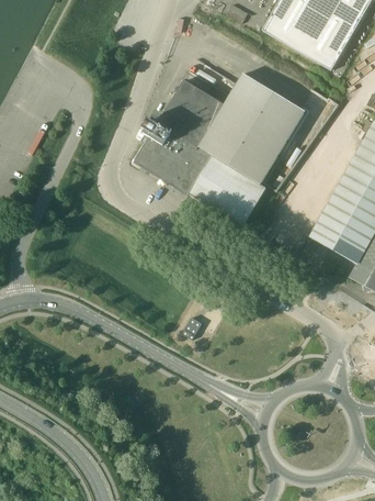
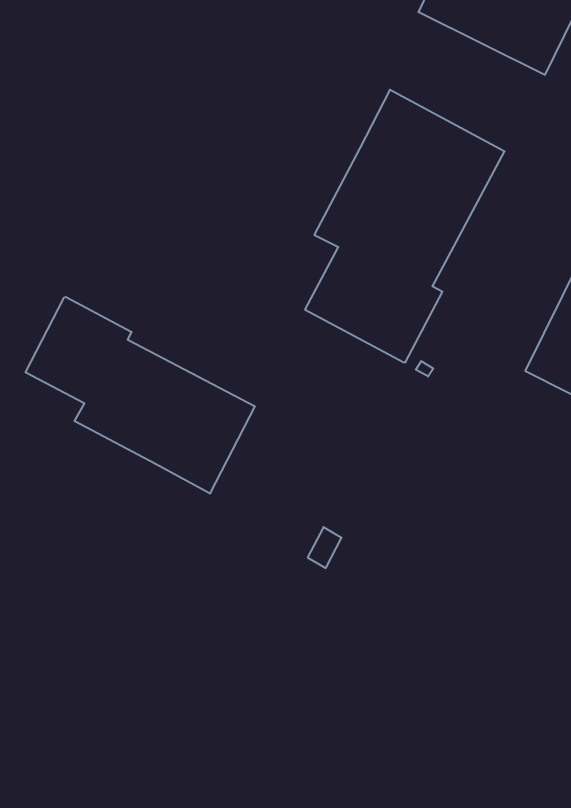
building: [135,80,225,194] -> none
building: none -> [26,297,255,494]

